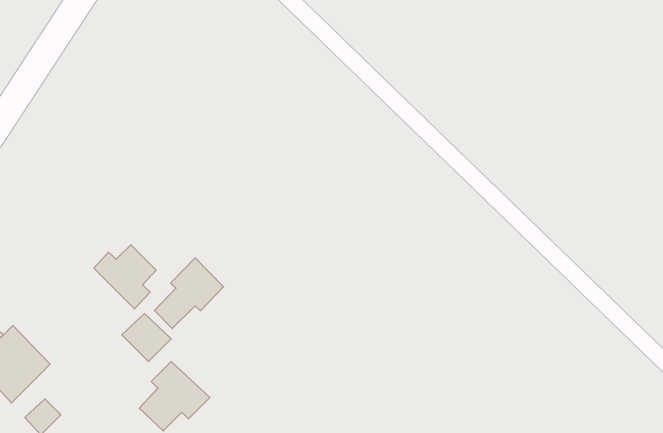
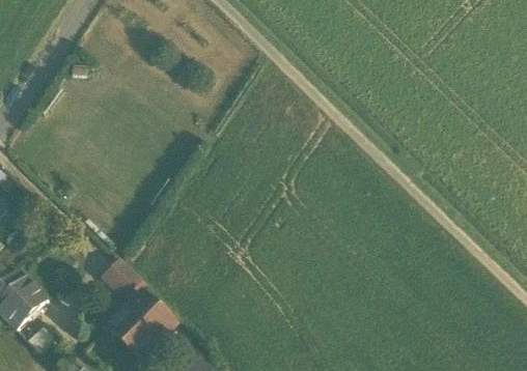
building: [94,245,156,309] -> none
building: [154,258,224,329] -> none

